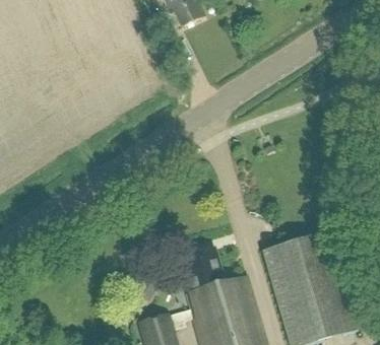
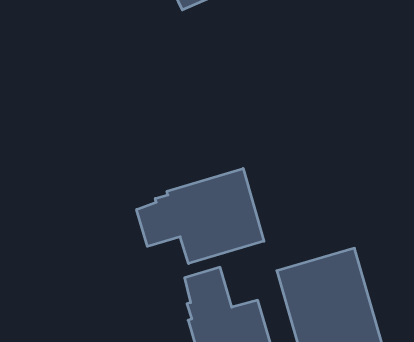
building: none -> [137,168,264,264]

